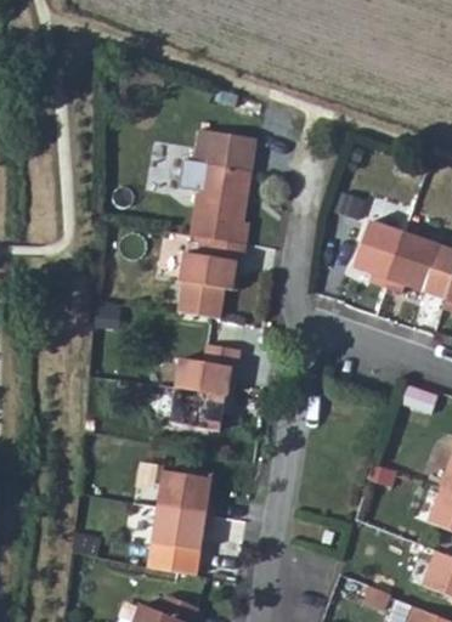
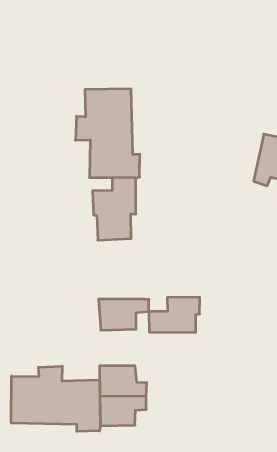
building: [352,211,405,282] -> none
building: [168,357,237,406] -> [149,297,200,332]
building: none -> [11,366,100,431]

